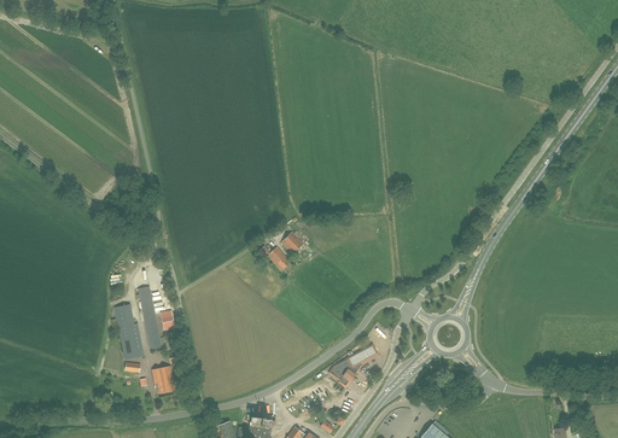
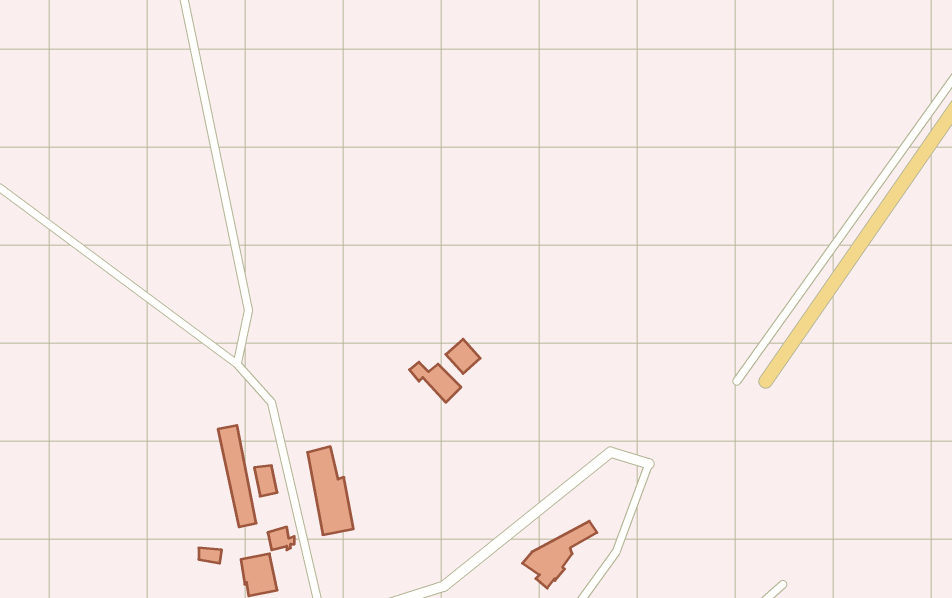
building: [115,303,144,358] -> [307,447,353,535]

